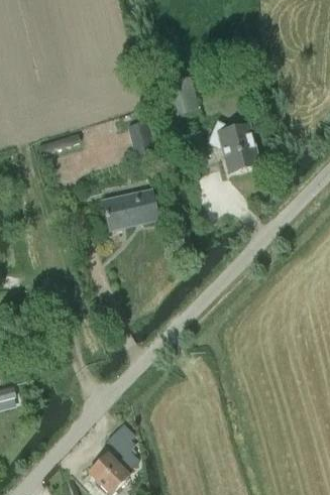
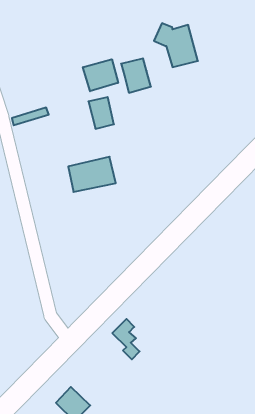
building: none -> [83,59,118,91]
building: [209,121,259,171] -> [154,23,198,67]
building: [107,422,138,469] -> [112,319,140,359]

